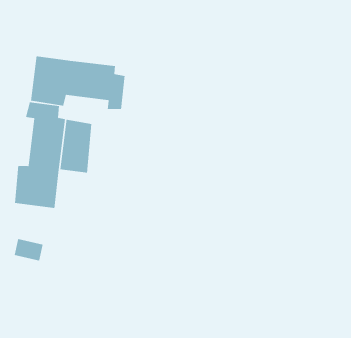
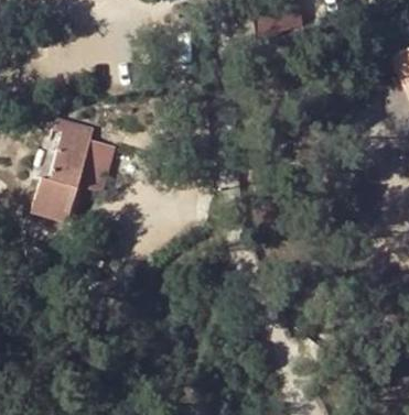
building: [31,56,125,110] -> none

